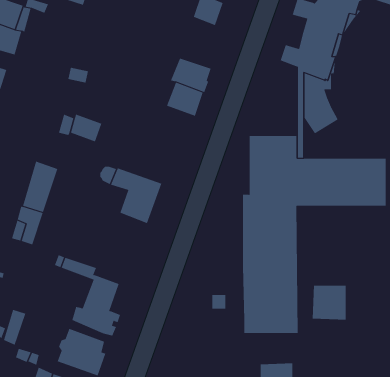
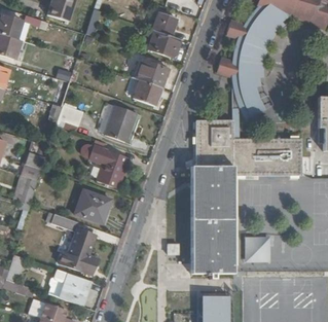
building: none -> [147,30,180,58]
building: none -> [104,105,136,142]
building: none -> [74,189,110,223]

